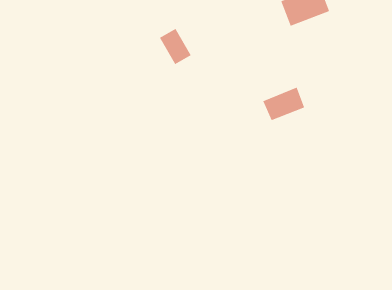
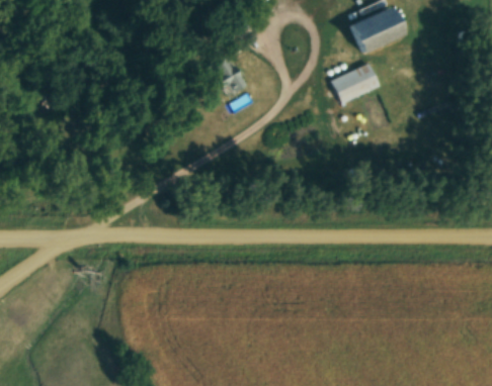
building: [262,86,305,121] -> [331,63,380,102]

